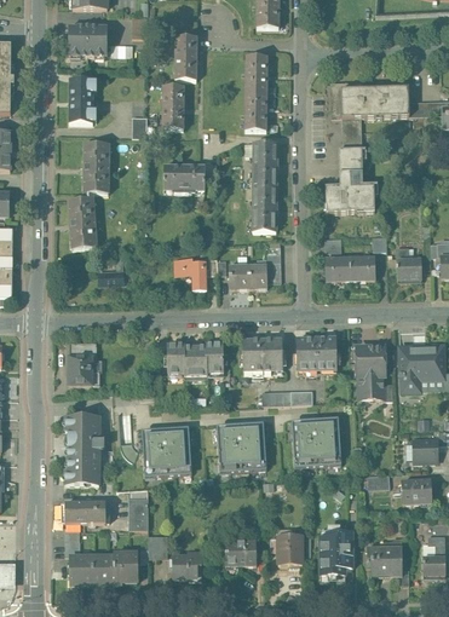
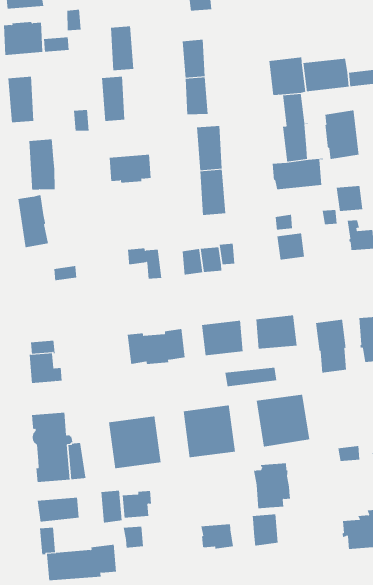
building: none -> [325,109,359,160]
building: [350,256,375,281] -> [336,185,363,211]
building: [318,531,353,575] -> [253,463,291,509]
building: [172,553,201,578] -> [122,491,152,518]

